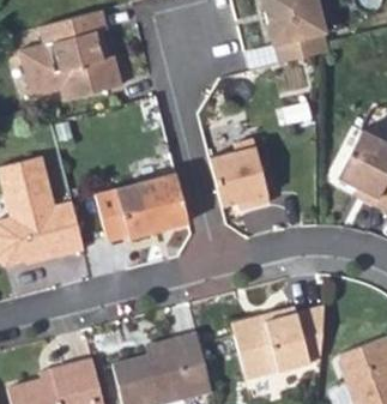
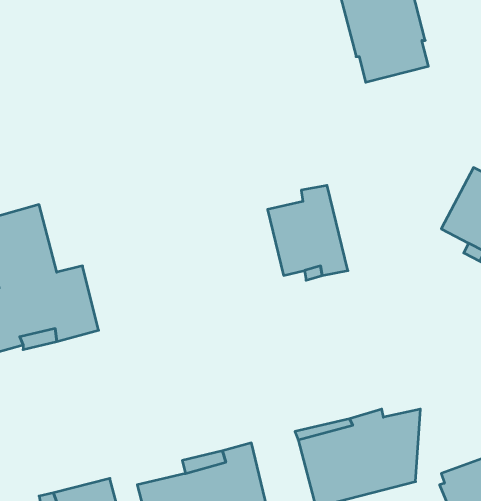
building: [18,8,121,98] -> none
building: [93,174,187,242] -> none

